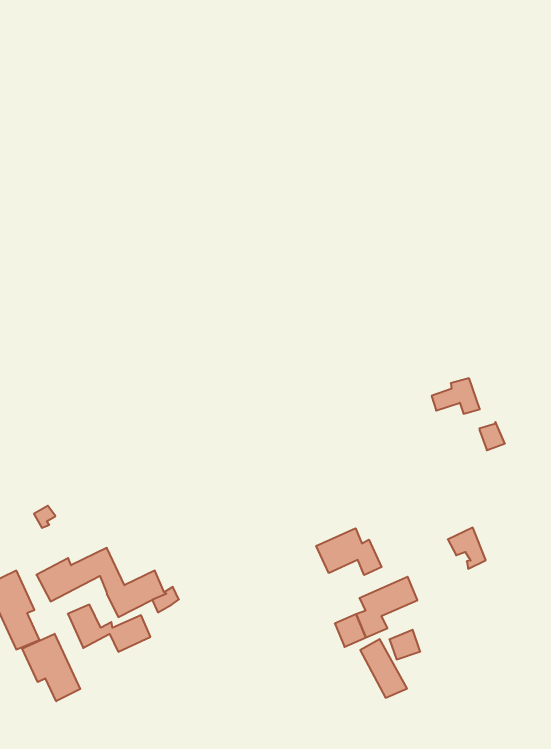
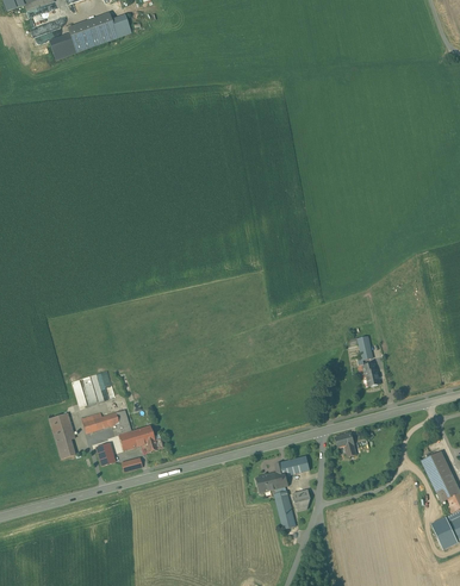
building: [316,528,382,575] -> none
building: [22,634,80,701] -> none

